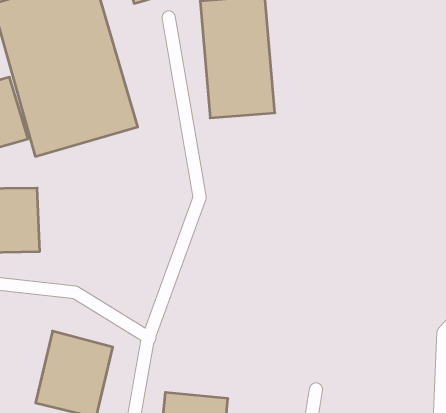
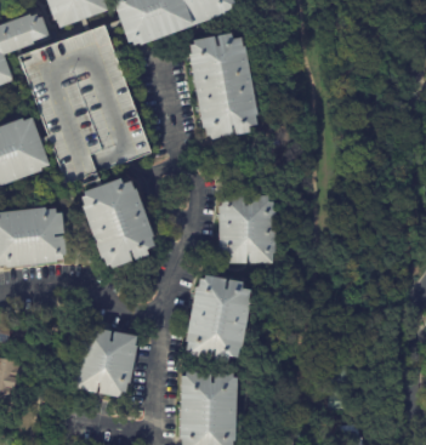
building: none -> [76,175,155,268]
building: none -> [222,194,274,262]
building: none -> [186,274,252,363]

